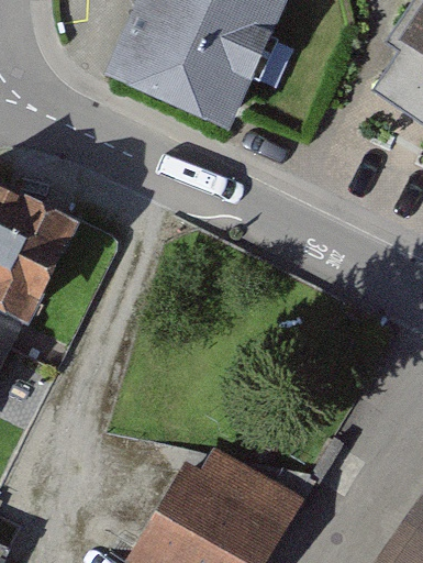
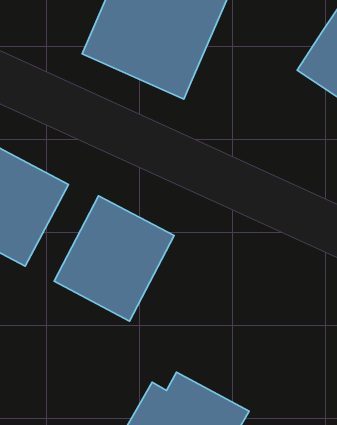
building: none -> [54,196,174,321]

